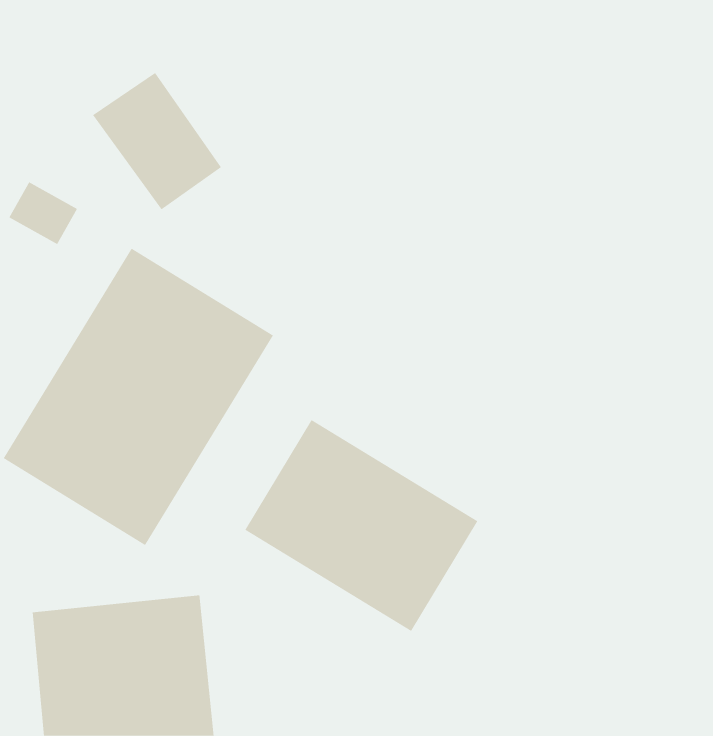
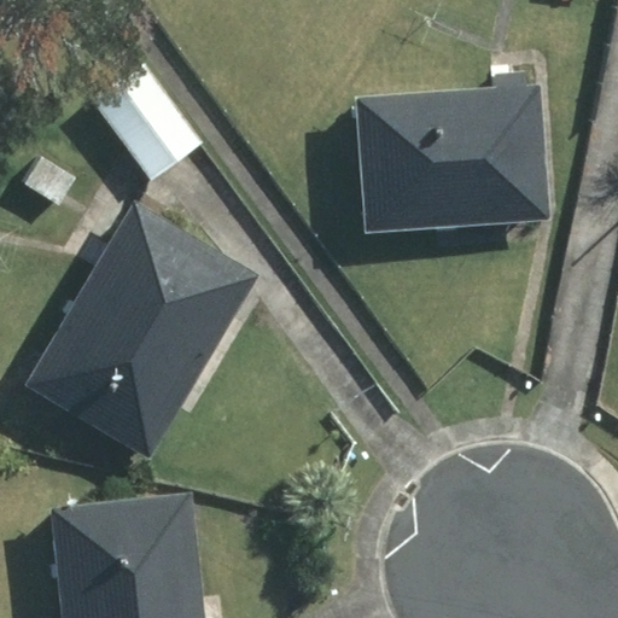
building: none -> [350,74,546,229]
building: [244,419,478,632] -> none

